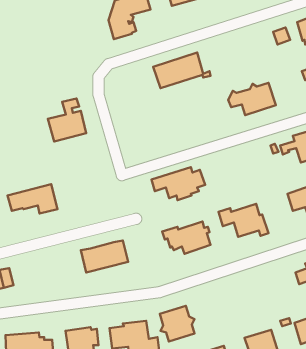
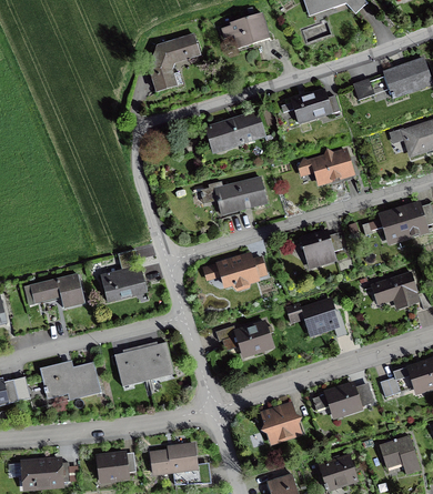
building: none -> [282,87,340,124]
building: [48,98,86,141] -> [100,249,148,302]
building: none -> [201,175,268,215]
building: none -> [299,229,343,270]
building: none -> [40,360,102,401]
building: none -> [313,381,374,420]
building: [160,306,195,342] -> [260,401,303,445]

